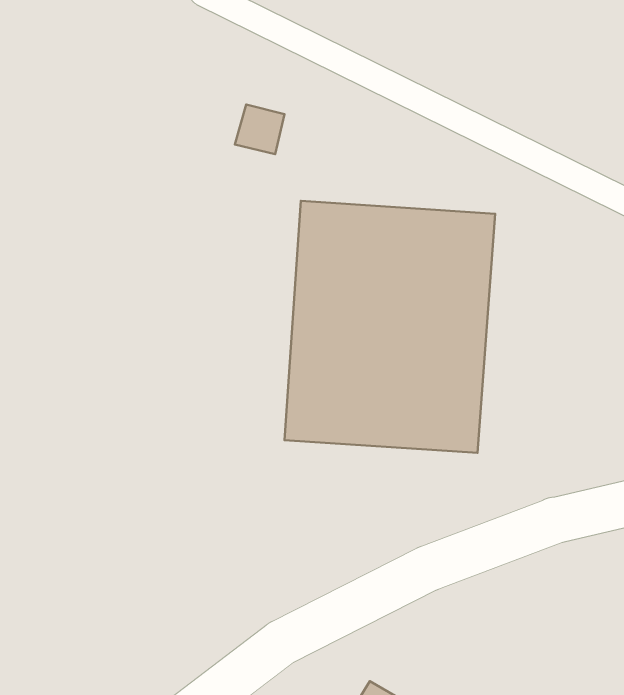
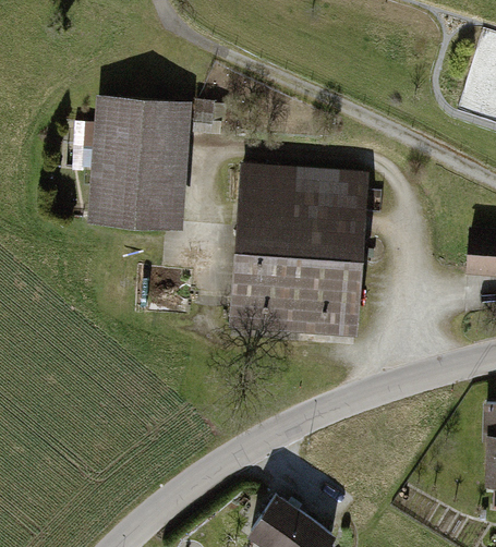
building: none -> [85,98,190,230]

